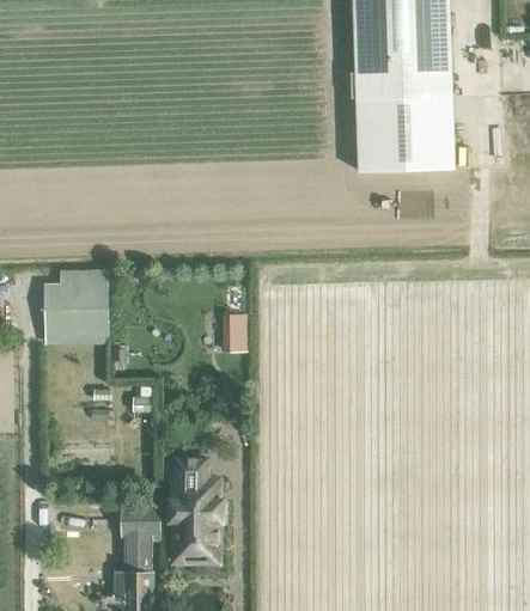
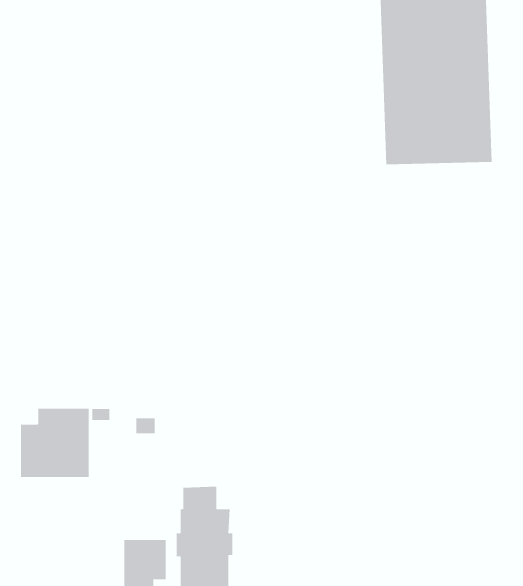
building: [47,271,109,334] -> [20,408,90,478]
building: [225,313,246,350] -> none

